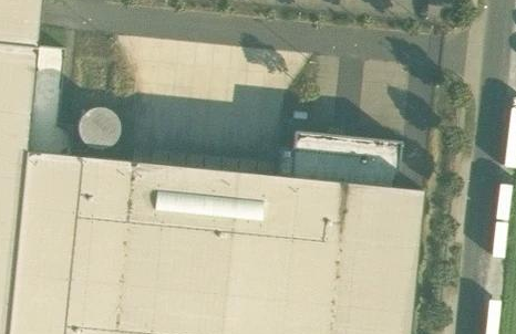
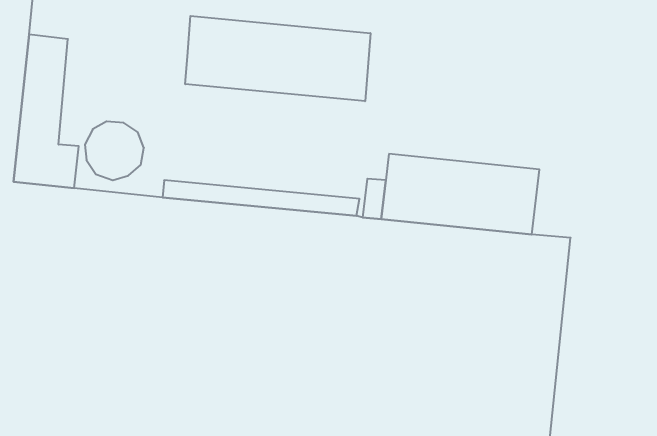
building: none -> [185,16,370,101]

